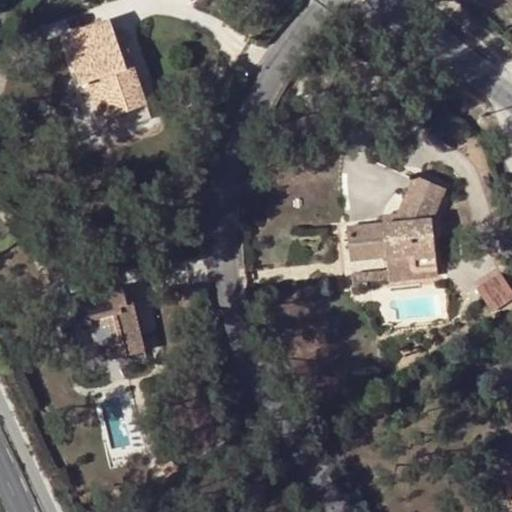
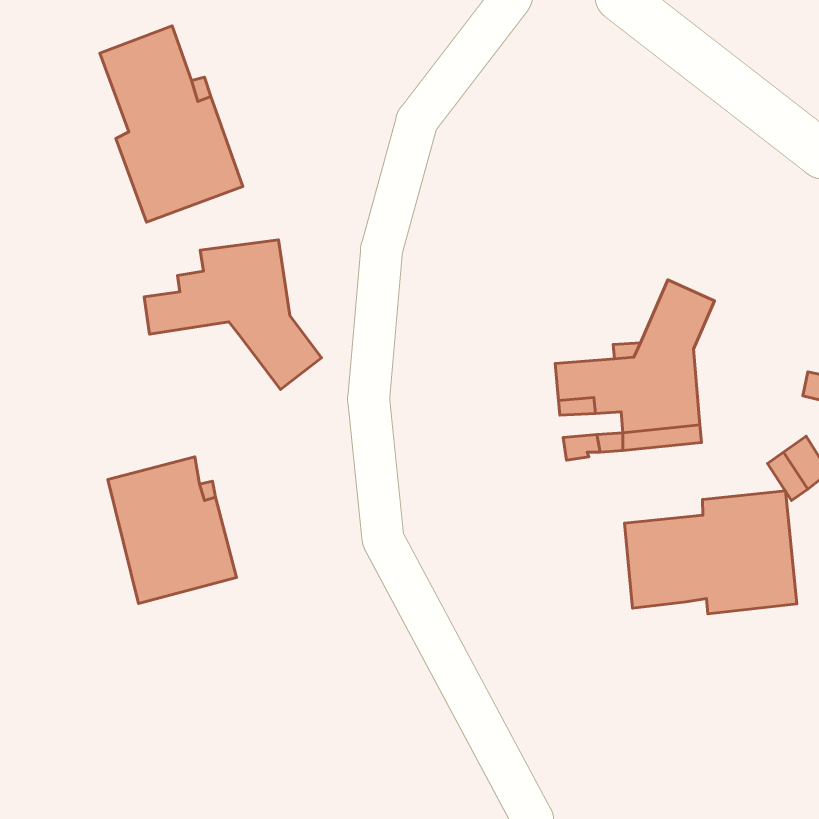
building: none -> [144,240,322,390]
building: none -> [625,491,797,614]

